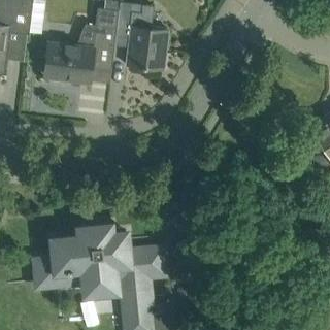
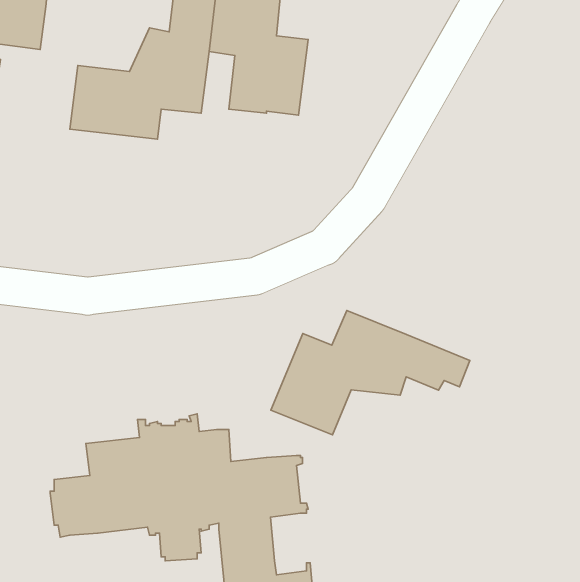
building: none -> [271,311,470,435]

